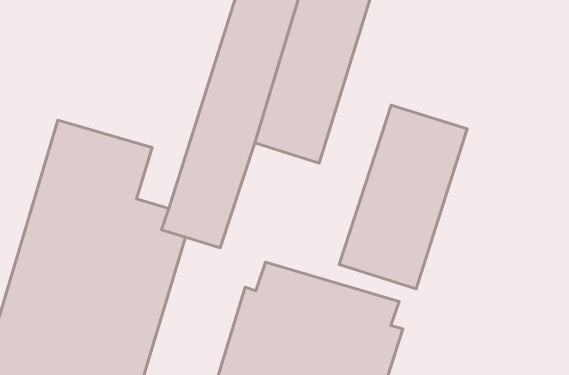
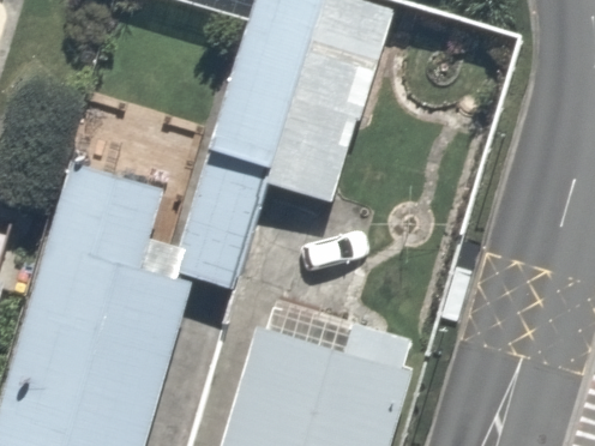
building: [339,105,467,289] -> none

